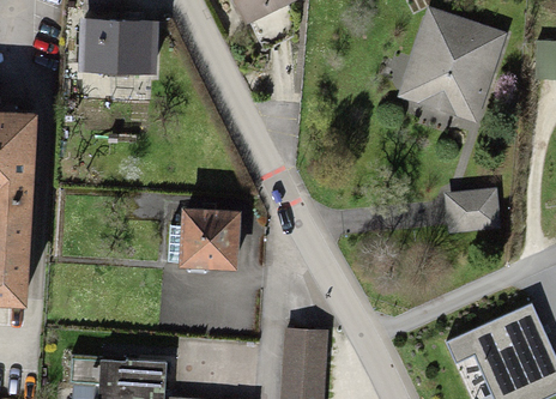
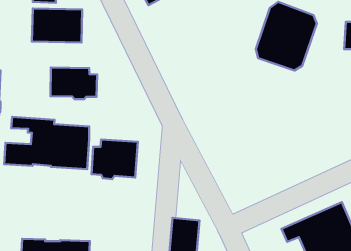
building: none -> [51,67,97,99]
building: none -> [4,117,89,169]
building: [454,197,498,228] -> none

